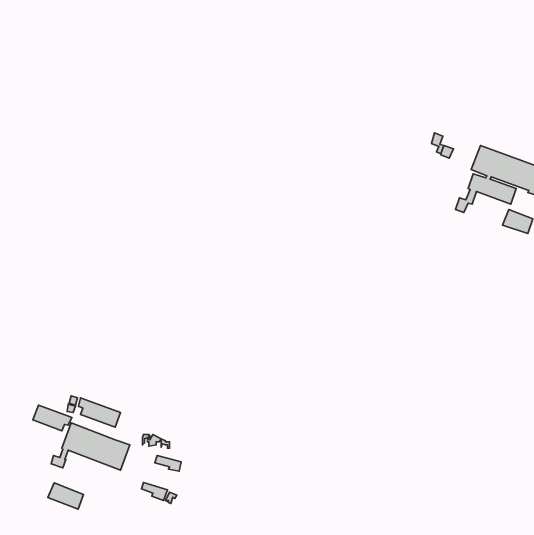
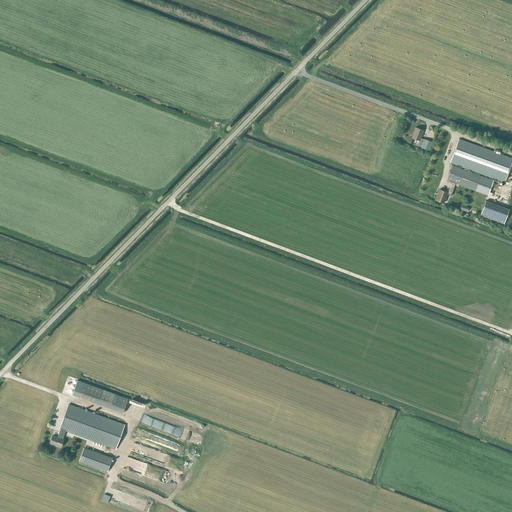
building: [33,405,72,431] -> none
building: [48,483,84,509] -> [79,447,113,472]

